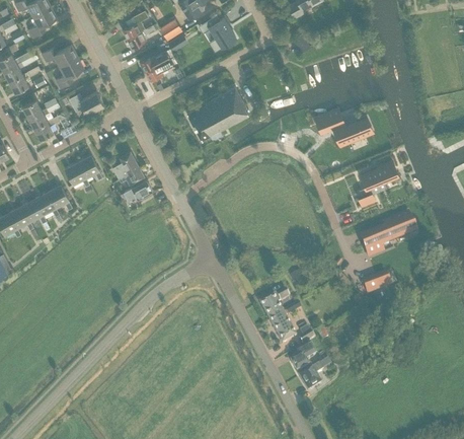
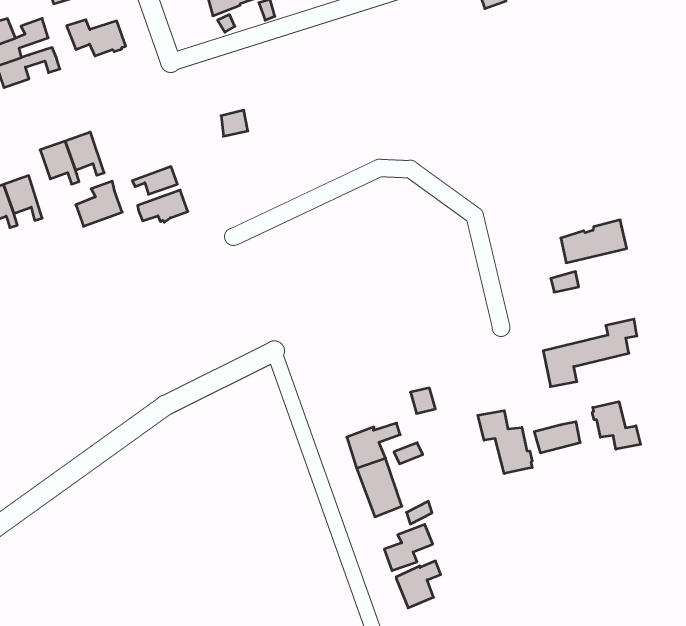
building: [186,87,248,141] -> none
building: [318,116,372,143] -> none
building: [112,151,139,178] -> [76,181,122,226]
building: none -> [592,402,641,449]
building: none -> [478,411,532,474]

